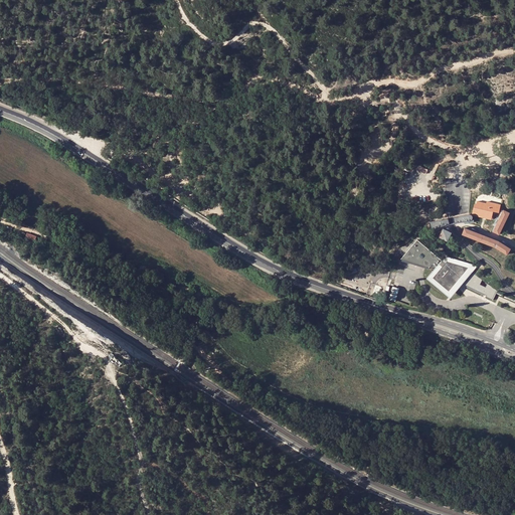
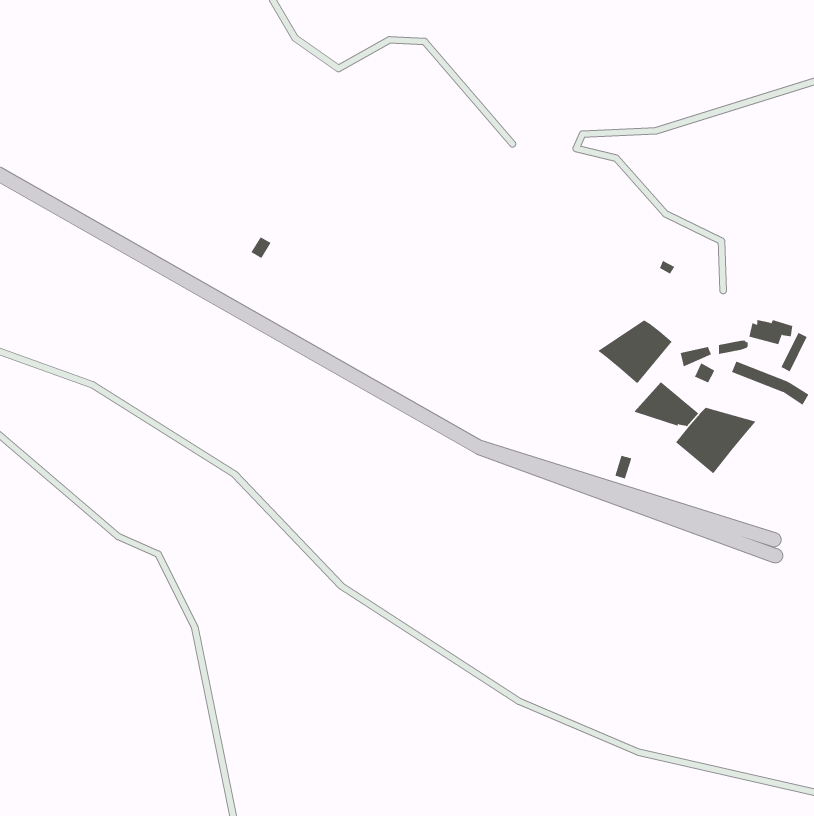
building: none -> [597,320,673,384]
building: [462,273,496,300] -> none

